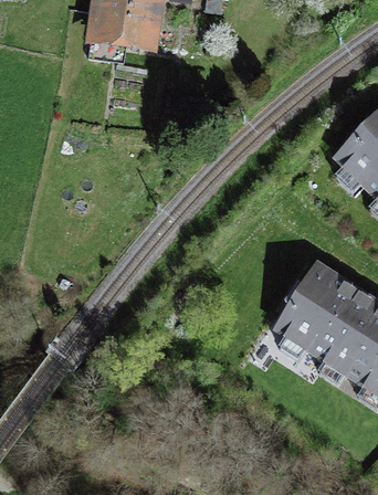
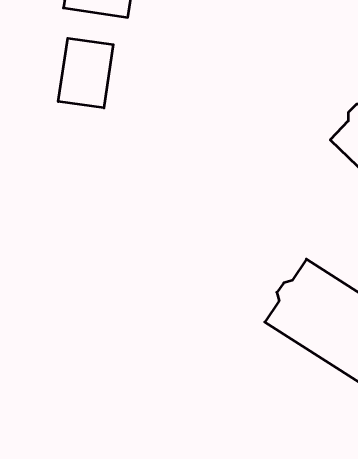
building: none -> [58,38,113,108]

